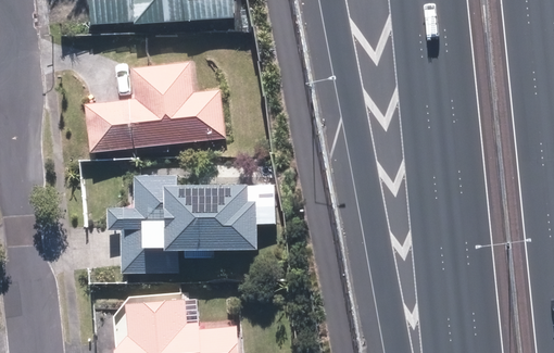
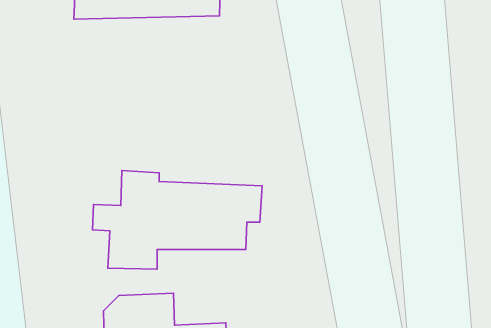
building: [90,64,225,150] -> none

